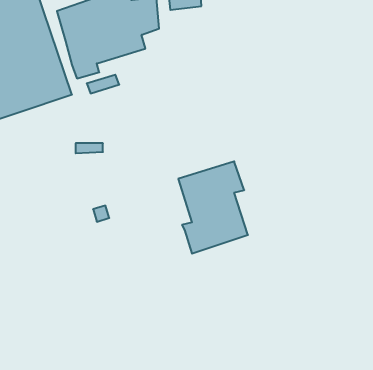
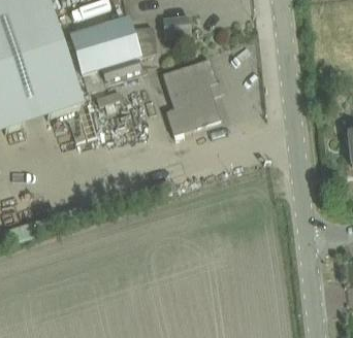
building: [178,161,248,254] -> [162,58,220,134]

